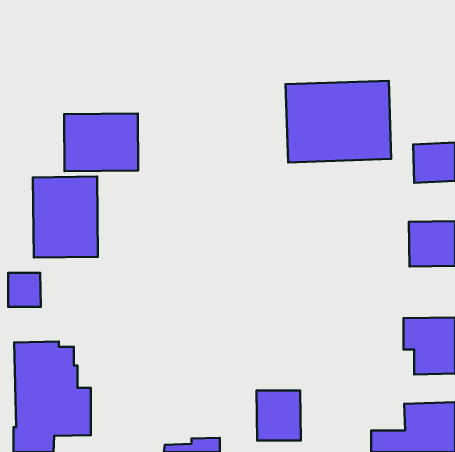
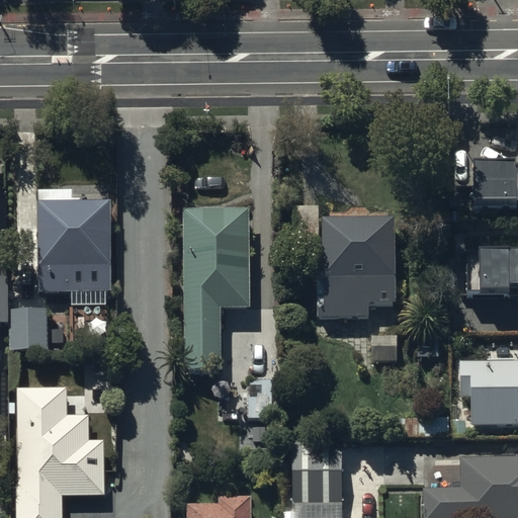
building: [286,81,391,162] -> none
building: [64,113,138,171] -> none
building: none -> [184,210,248,370]
building: none -> [318,214,395,317]

